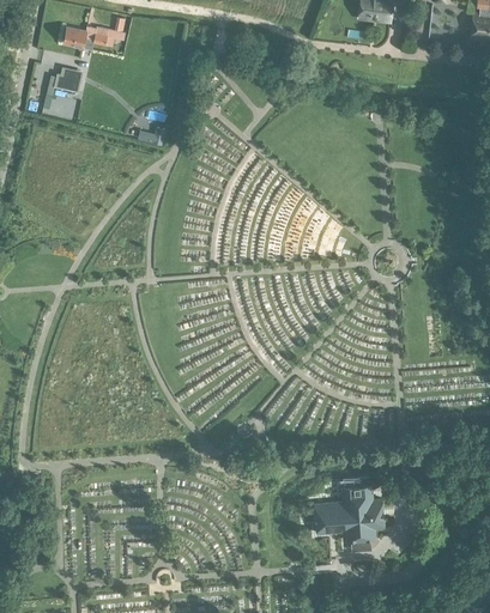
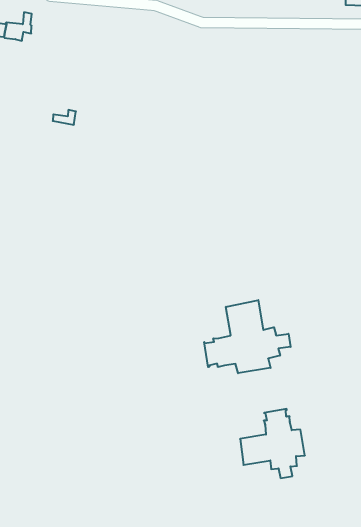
building: none -> [204,300,291,373]

